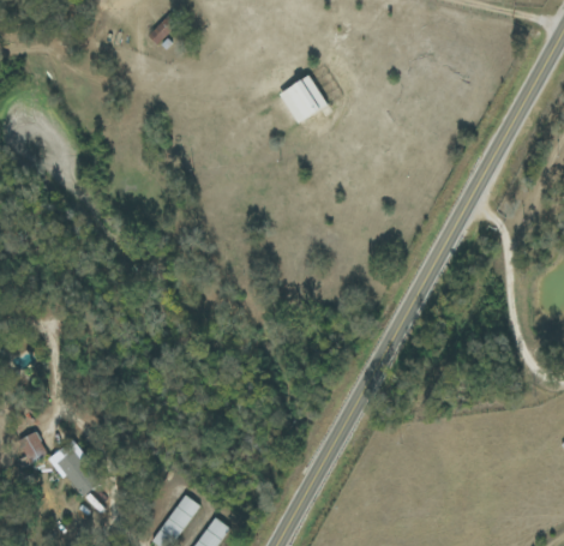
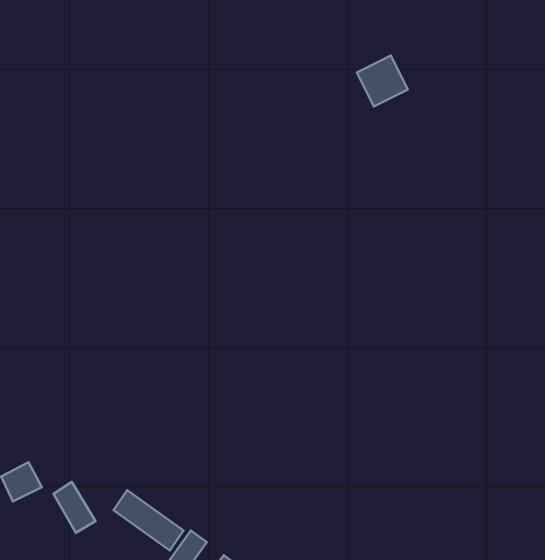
building: [281,76,328,122] -> [357,55,408,106]
building: none -> [114,490,183,550]

